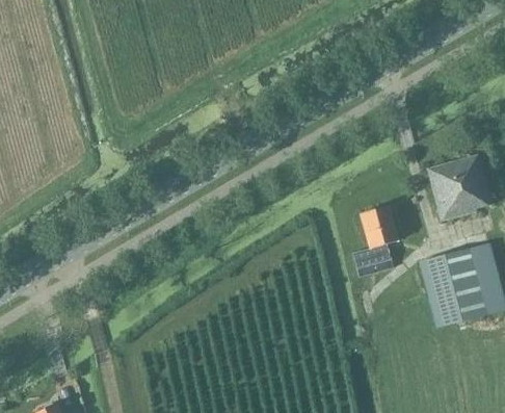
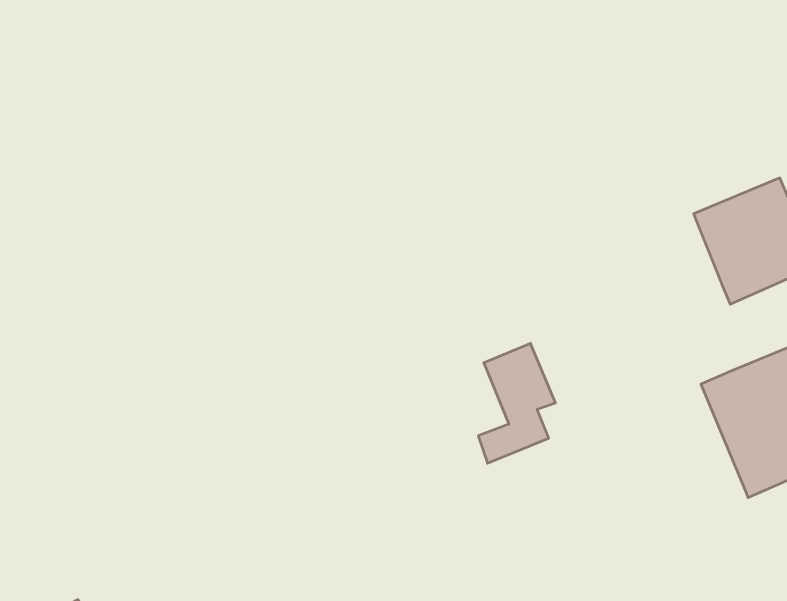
building: [353,207,398,269] -> [478,343,555,463]

